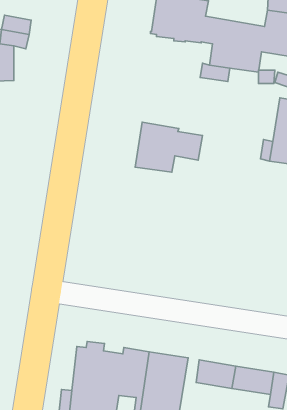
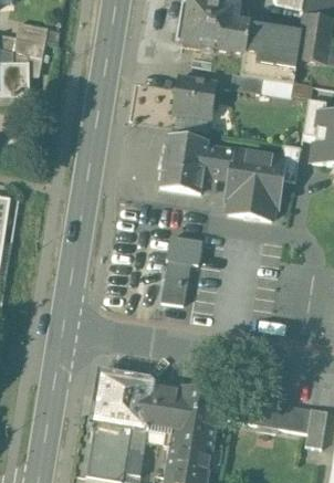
building: none -> [173,75,217,117]
building: none -> [226,149,284,217]
building: none -> [161,235,197,302]

